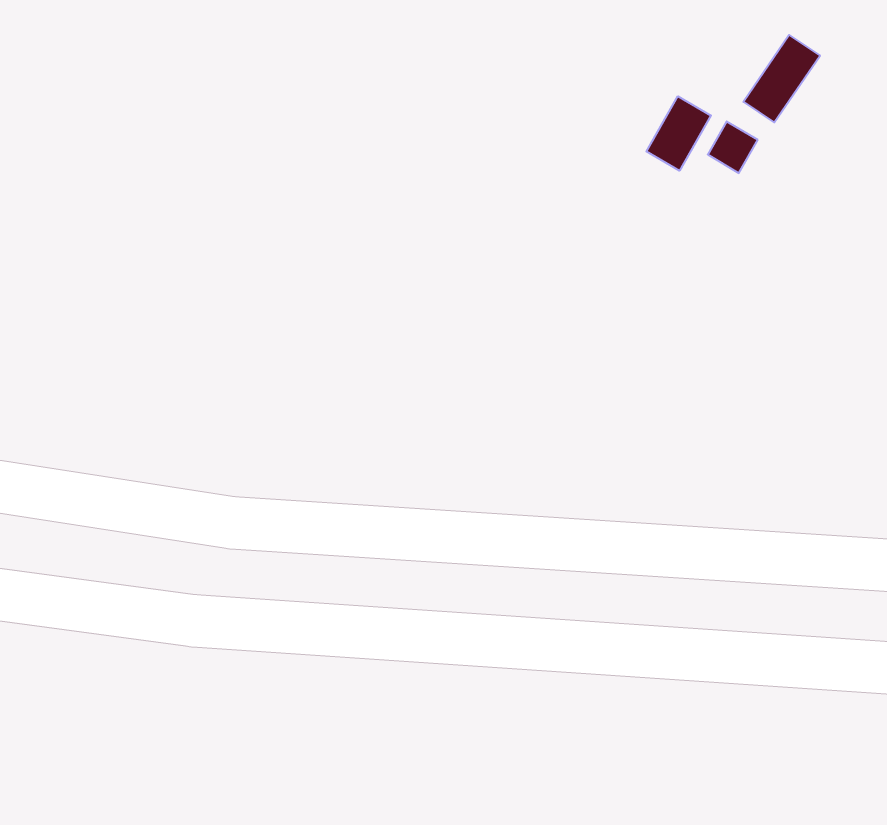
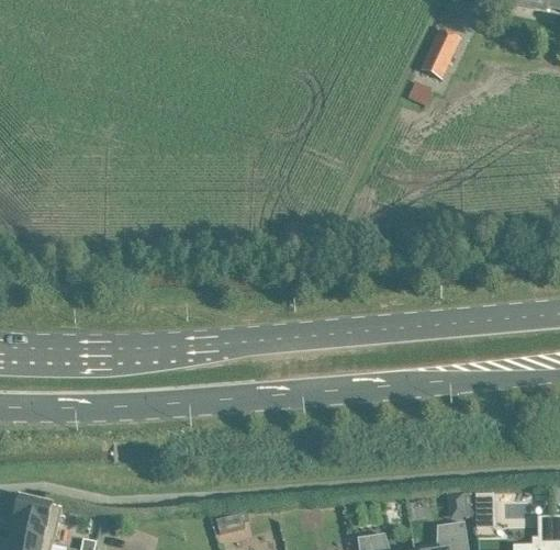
building: [646,96,711,171] -> none

